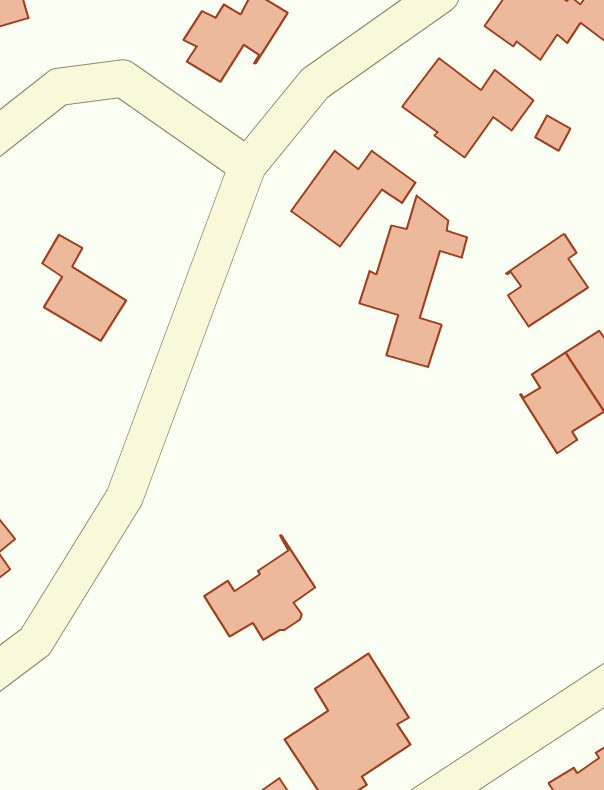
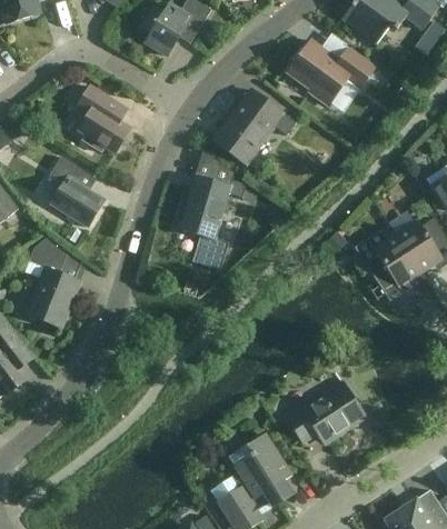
building: none -> [79,86,130,152]
building: [359,195,467,367] -> [175,156,246,269]
building: [506,234,588,327] -> none
building: none -> [27,247,80,327]
building: [204,536,315,640] -> [285,372,358,441]

